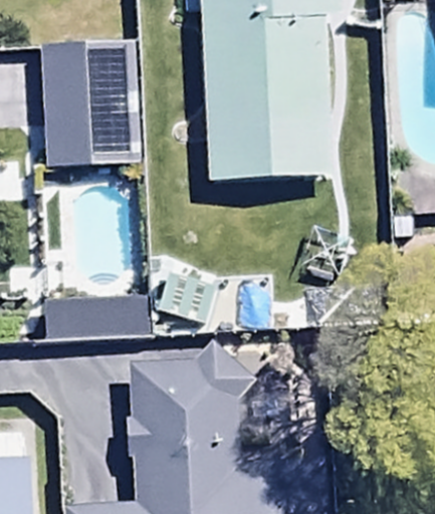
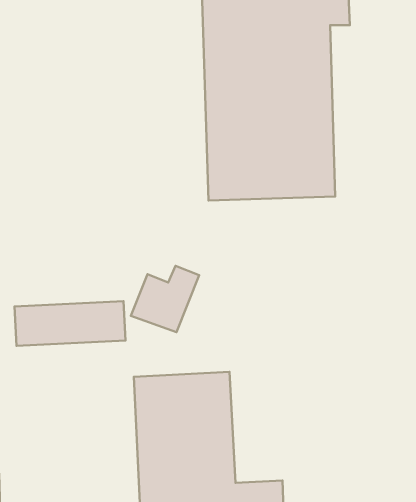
building: [33,45,132,168] -> none

